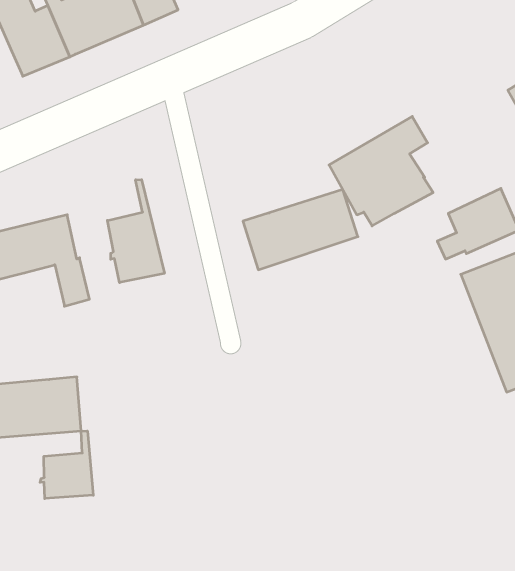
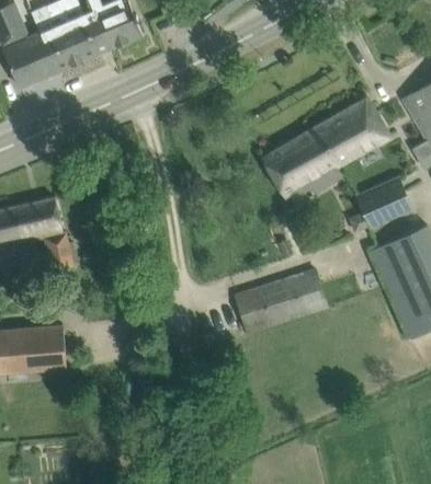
building: none -> [326,97,390,168]
building: [107,180,164,283] -> none
building: [243,189,358,270] -> [236,269,327,333]
building: [40,431,93,499] -> none

